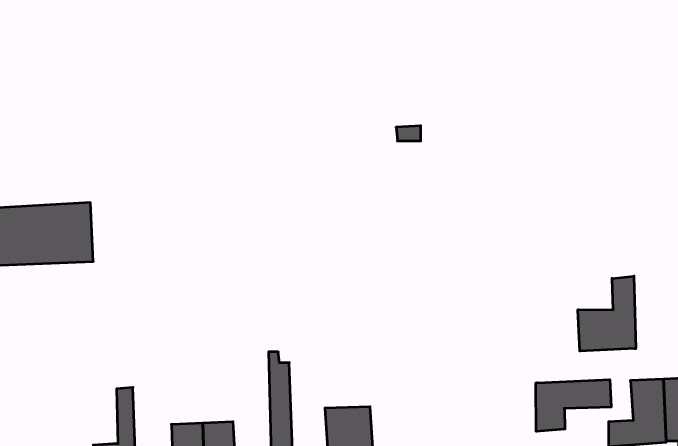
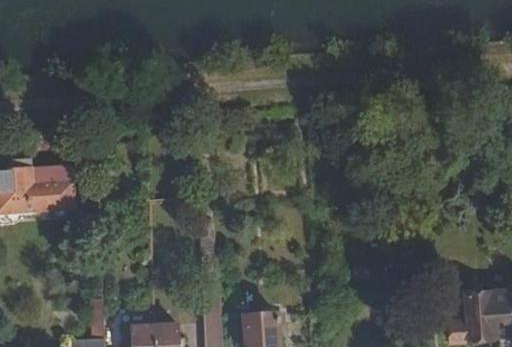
building: [578,276,636,351] -> none
building: [536,380,611,431] -> none

